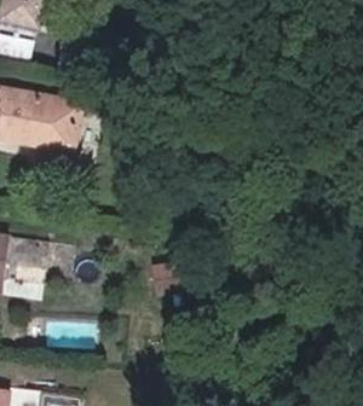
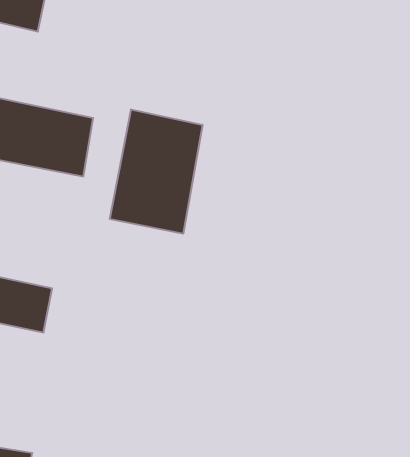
building: none -> [110,109,202,234]

